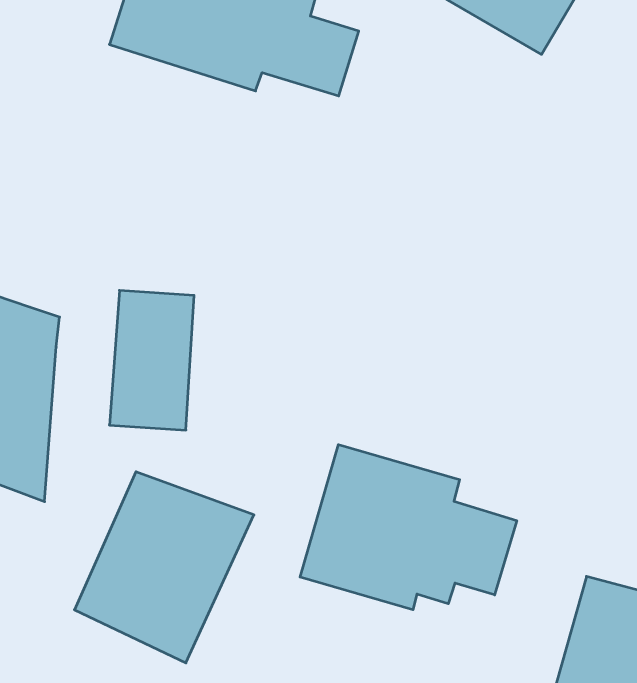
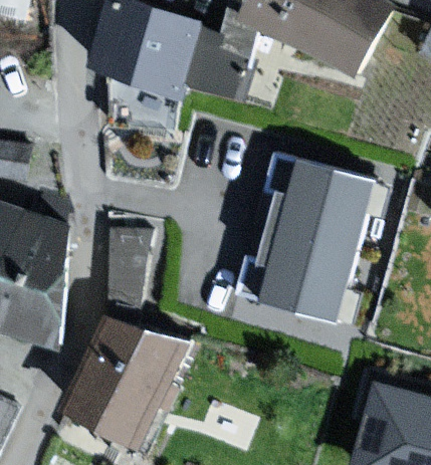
building: none -> [265,161,370,309]
building: [300,445,517,610] -> none

